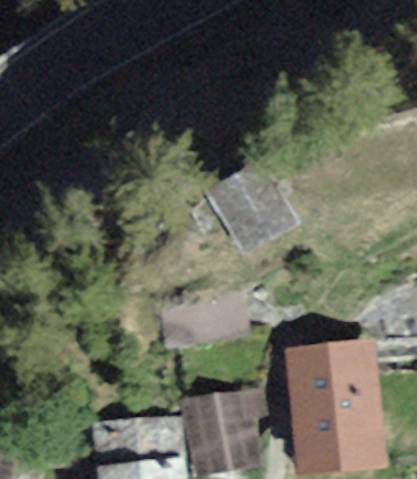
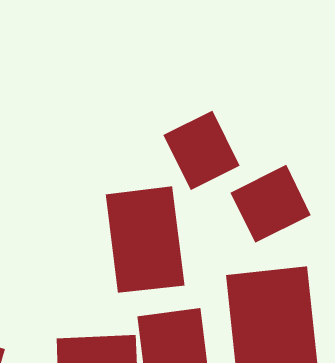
building: none -> [229,164,311,244]
building: none -> [105,185,185,294]

